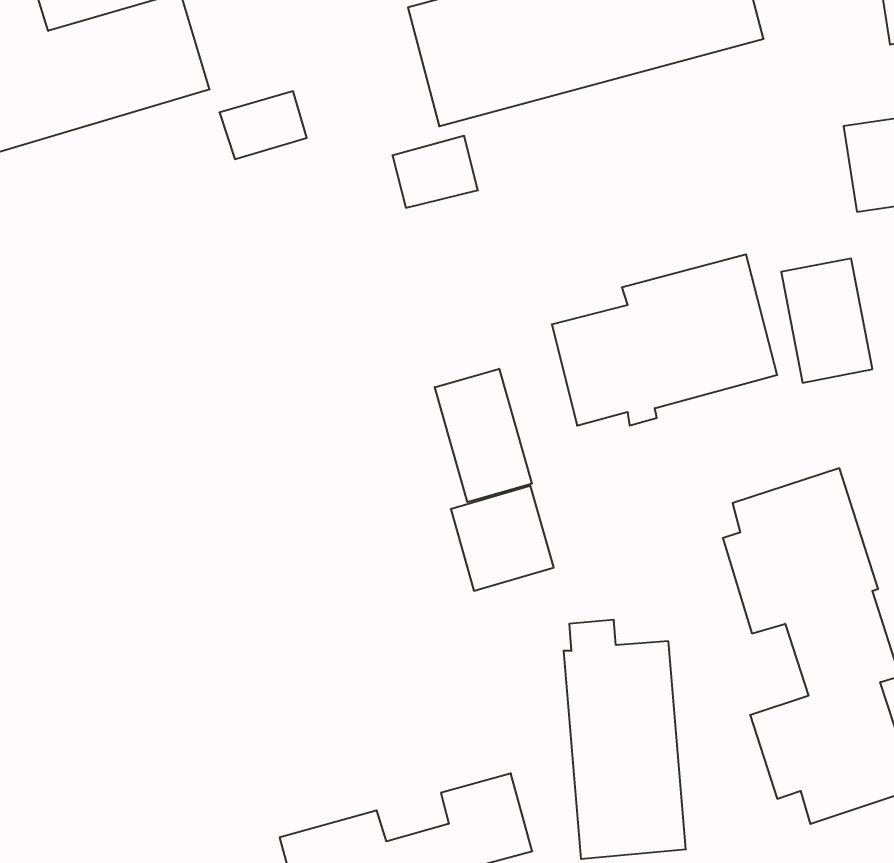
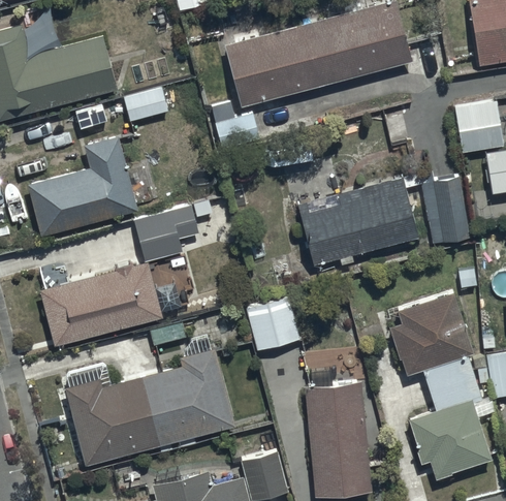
building: none -> [28,135,135,234]
building: none -> [38,206,201,346]
building: [435,369,532,502] -> none
building: none -> [66,346,234,466]

